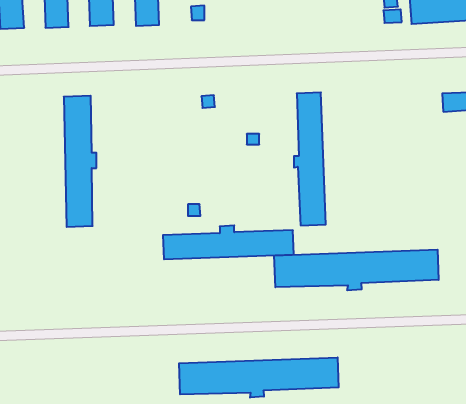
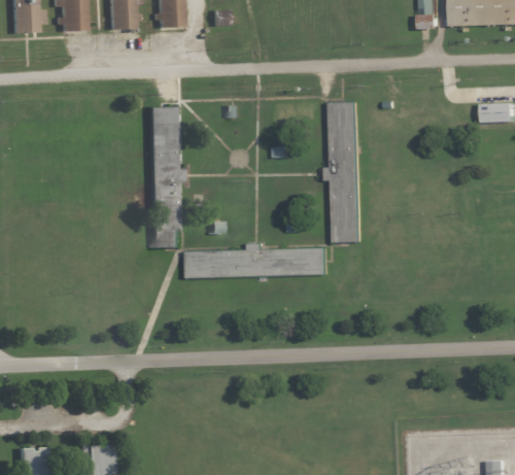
building: [64,96,96,227] -> [147,106,182,246]
building: [274,250,439,290] -> none
building: [179,357,339,398] -> none

